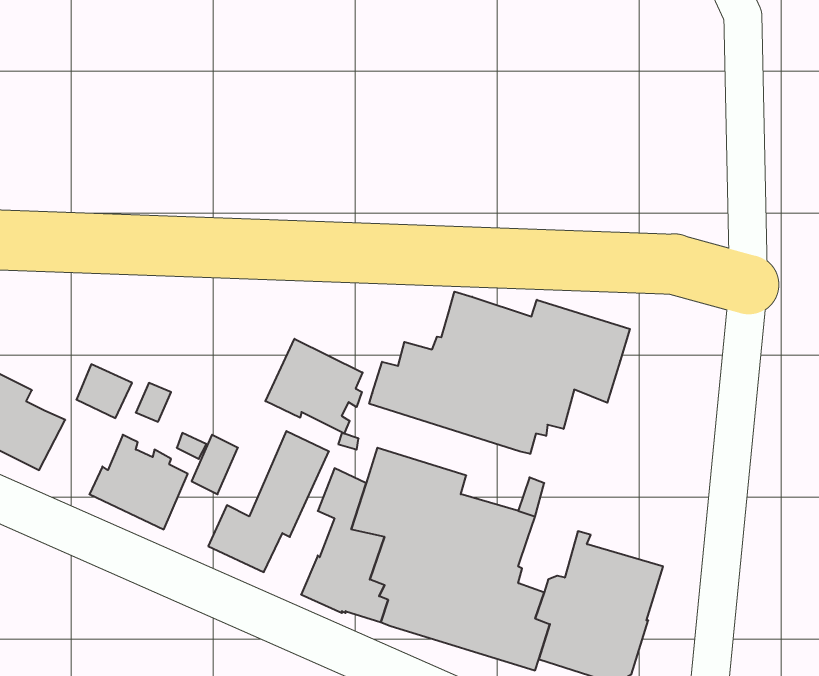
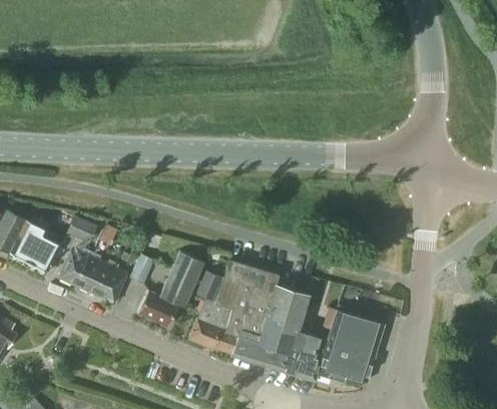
building: [369,292,630,454] -> none
building: [265,339,363,434] -> none
building: none -> [57,248,91,285]

